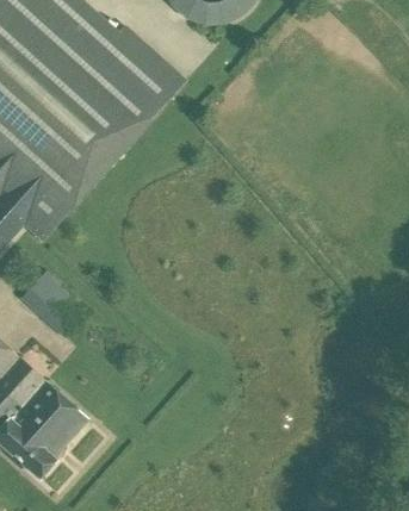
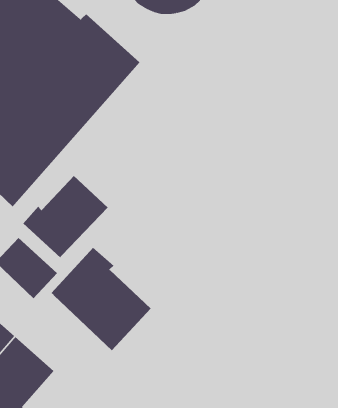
building: none -> [22,175,108,258]
building: none -> [50,247,152,351]

